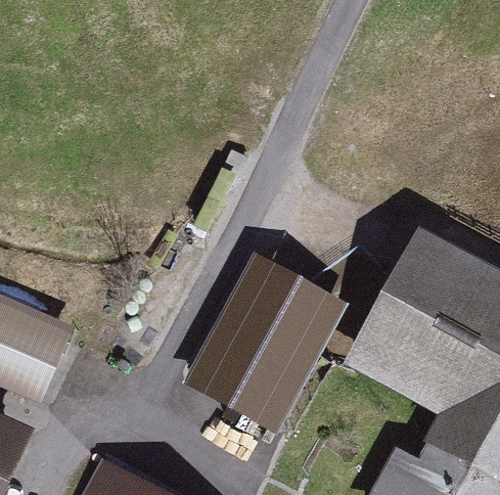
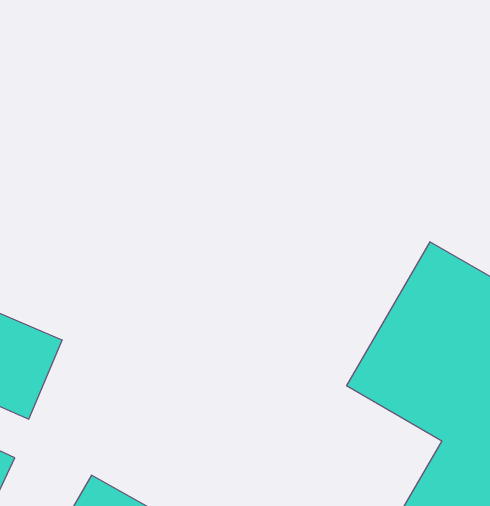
building: [187,252,350,434] -> none

